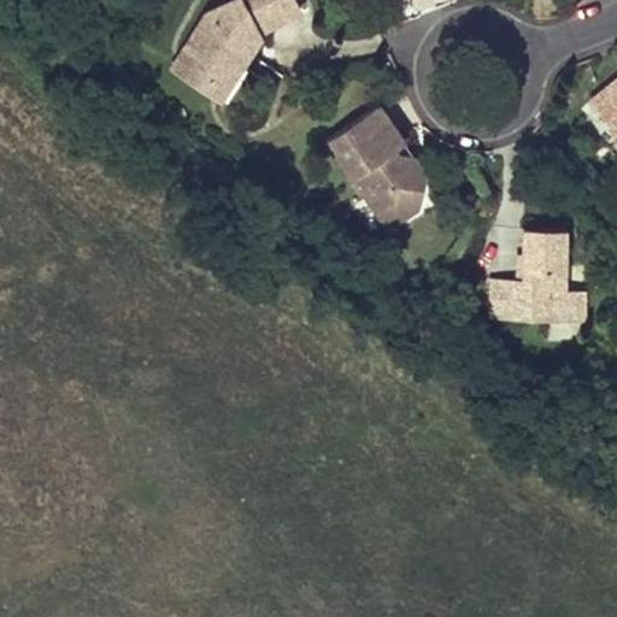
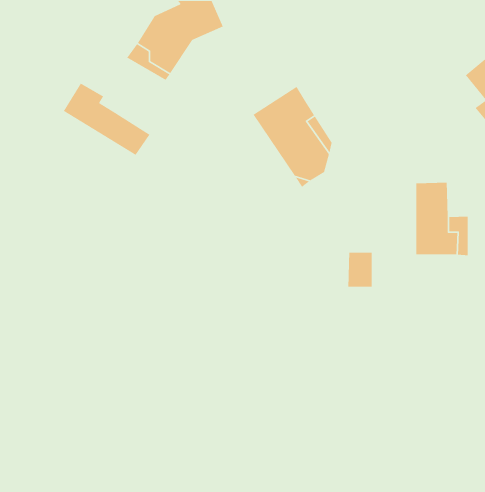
building: none -> [63,83,150,156]
building: [498,275,529,319] -> [347,252,373,288]

